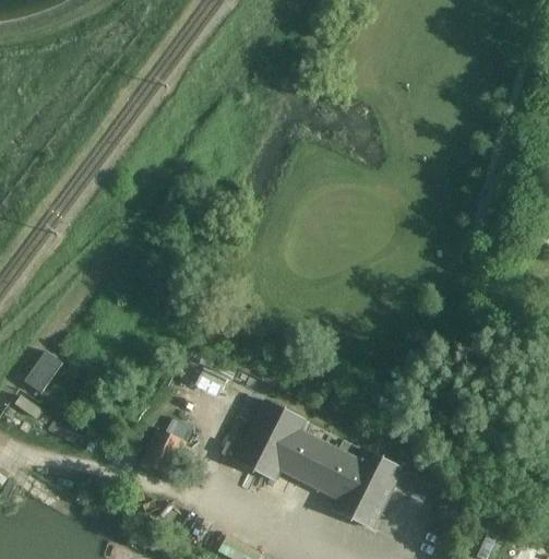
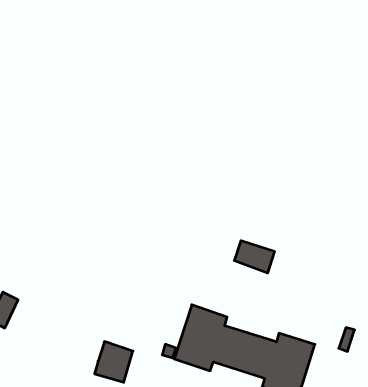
building: none -> [234,241,274,273]

